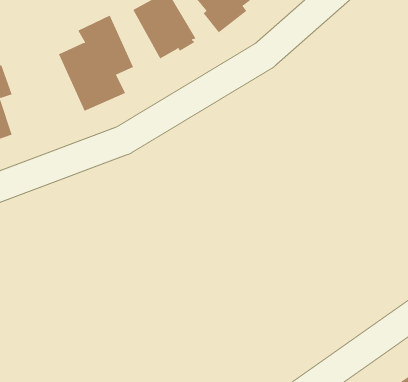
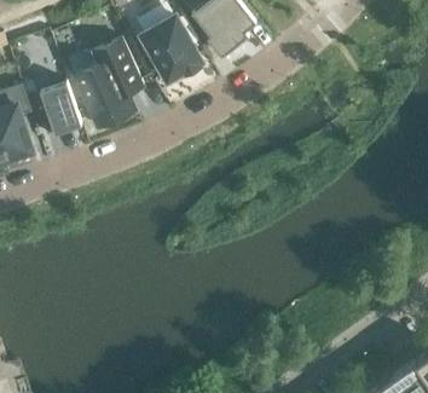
building: none -> [39,83,81,137]

